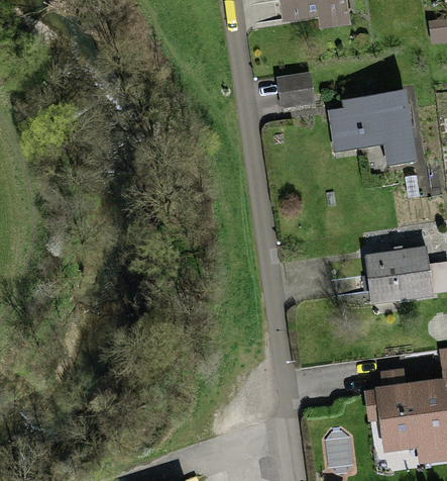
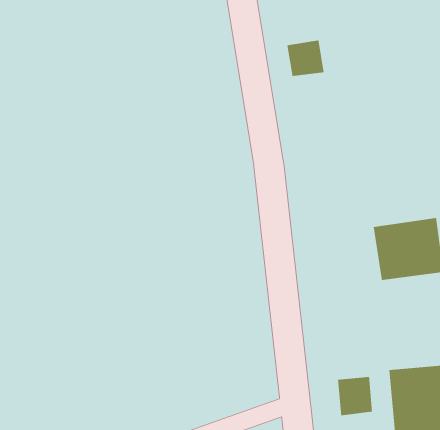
building: [328,93,413,159] -> none
building: none -> [338,376,372,416]

